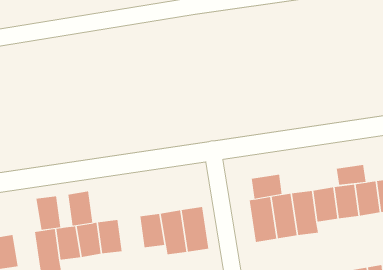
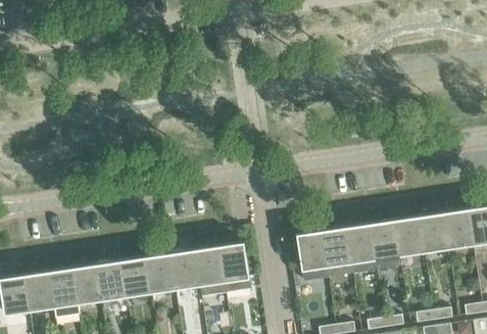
building: [336,164,366,185] -> none
building: [251,174,282,199] -> none
building: [68,191,93,226] -> [145,251,175,292]
building: [36,196,61,230] -> [23,270,53,309]

